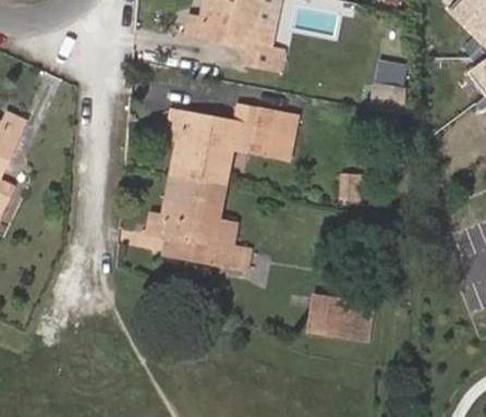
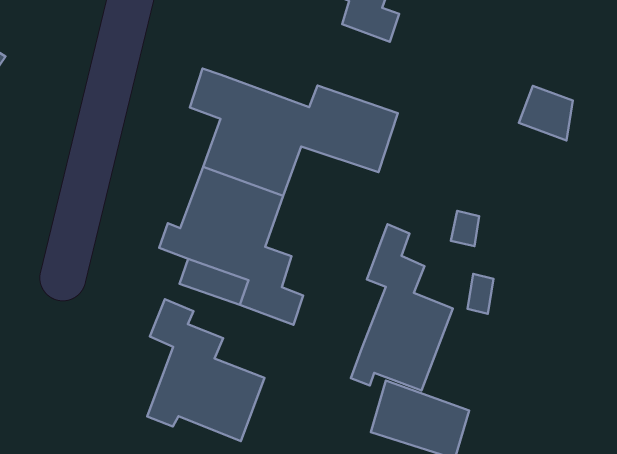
building: none -> [351,224,453,390]
building: none -> [147,299,264,441]

